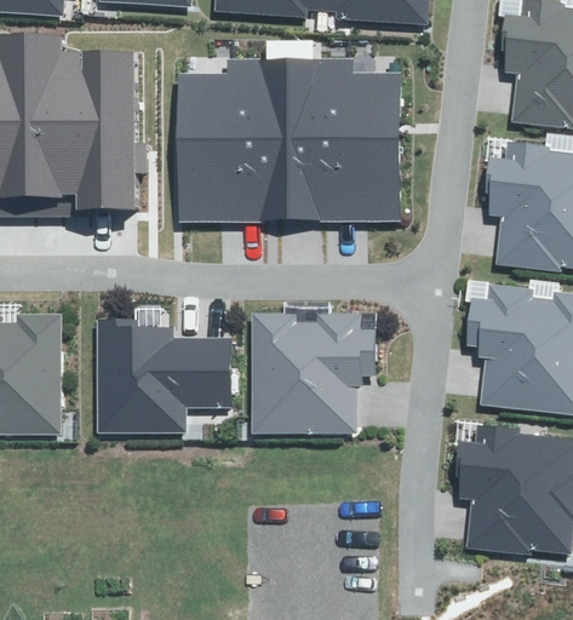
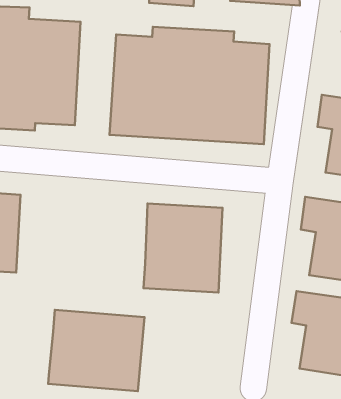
building: [96,326,243,424] -> none
building: none -> [48,310,145,391]

